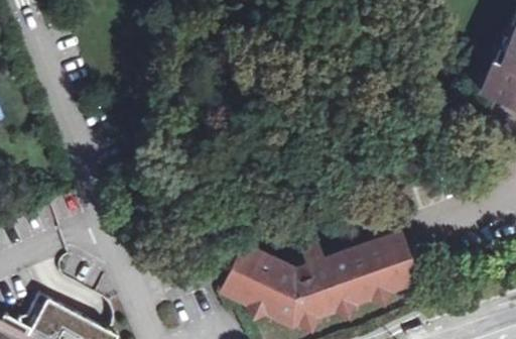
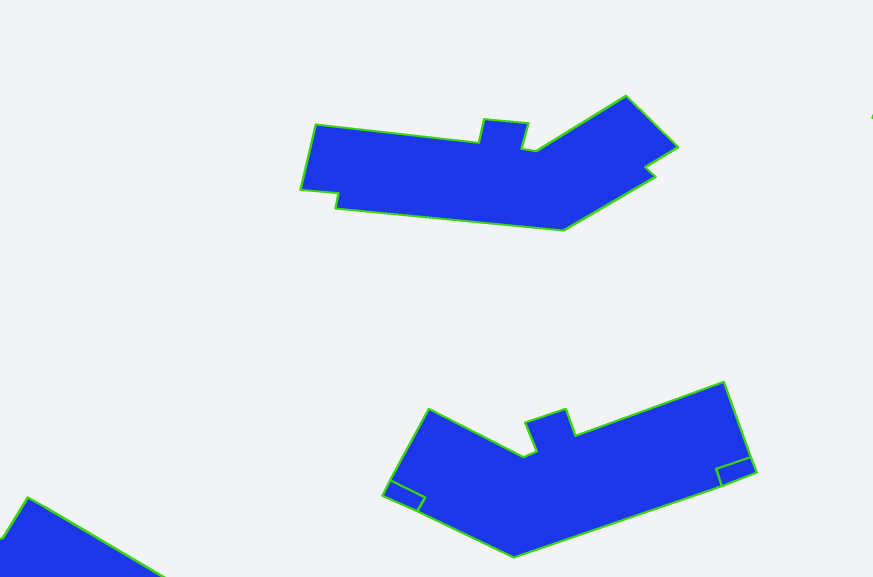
building: none -> [301,96,678,231]

